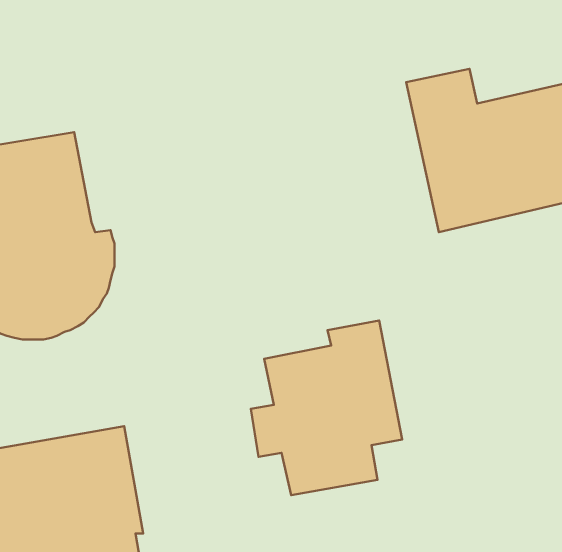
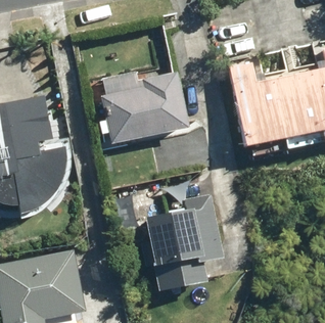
building: none -> [82,71,187,151]

